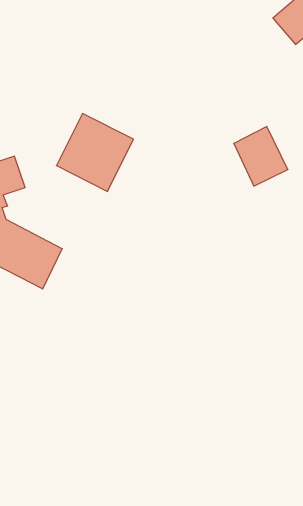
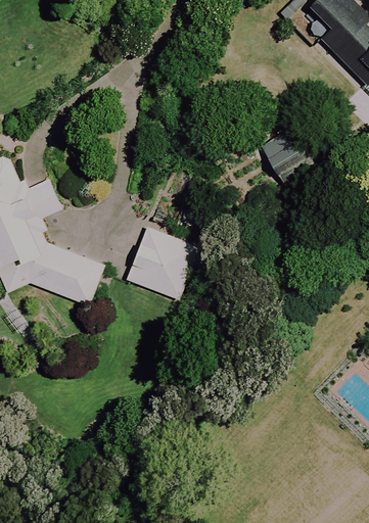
building: [56,114,133,191] -> [125,226,197,299]

